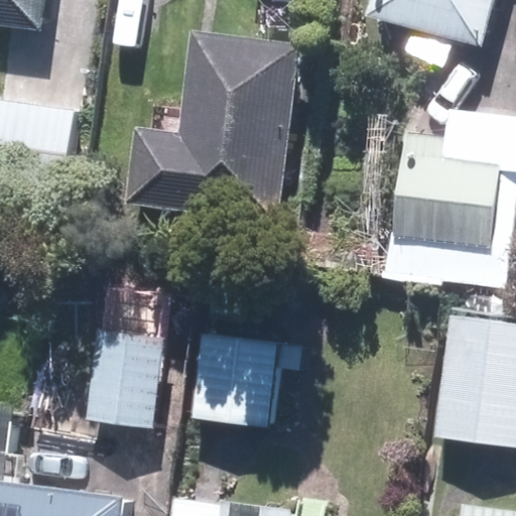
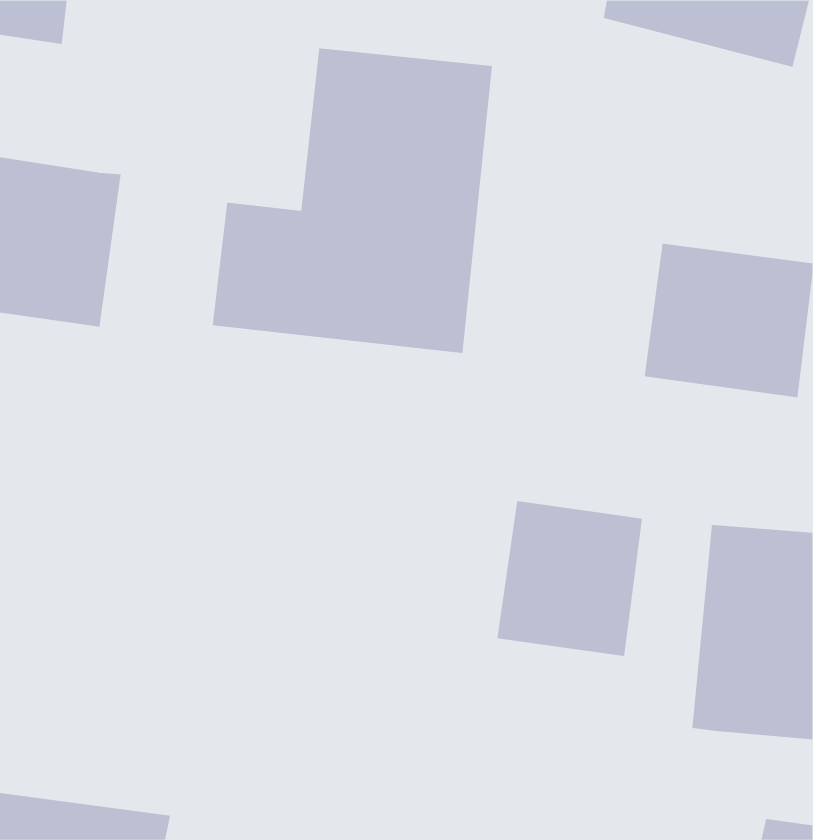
building: [91,288,185,422] -> none
building: [195,331,284,426] -> [497,500,643,656]

